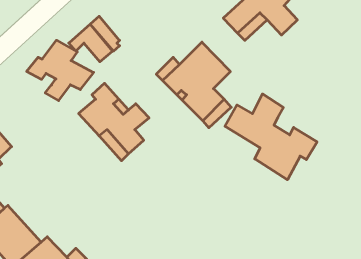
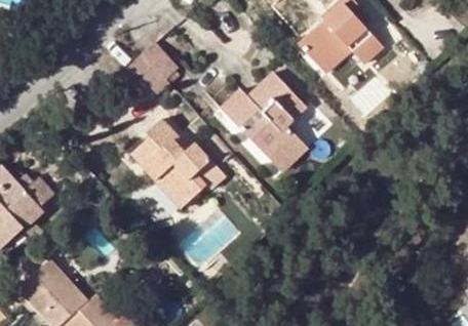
building: [27,40,94,101] -> none
building: [225,94,317,180] -> none

